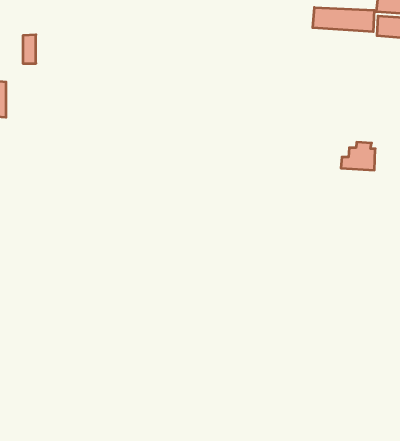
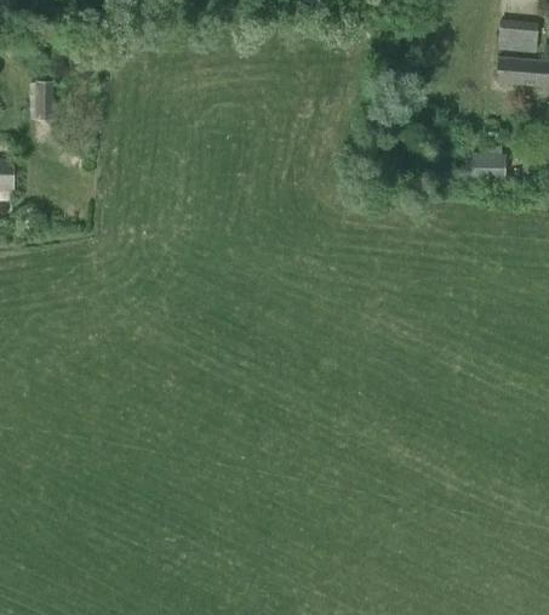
building: [313,7,374,32] -> none
building: [341,142,375,170] -> [461,146,505,182]

